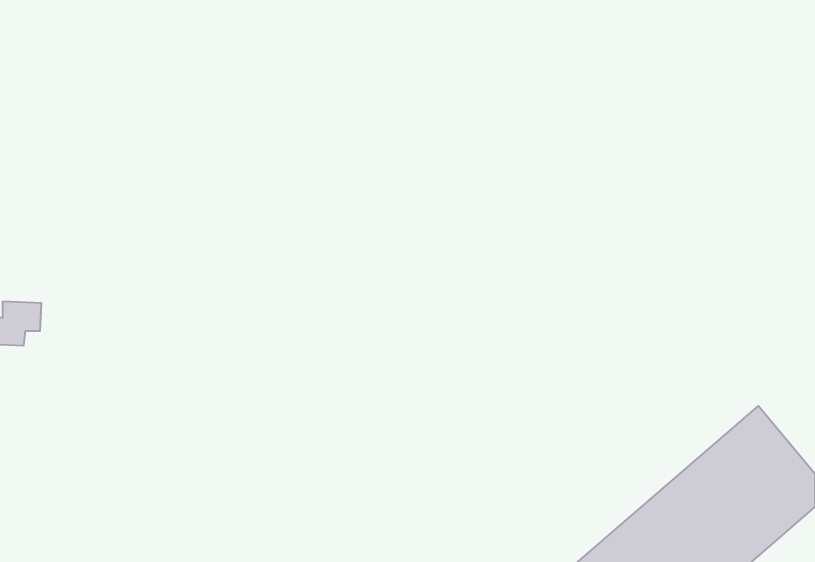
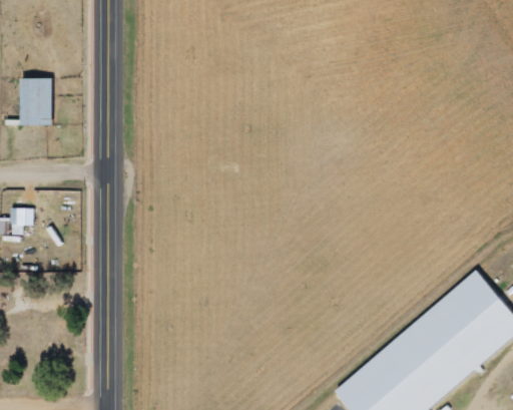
building: none -> [20,78,52,125]

